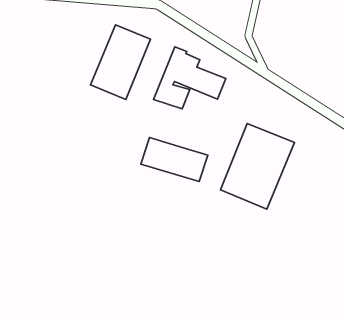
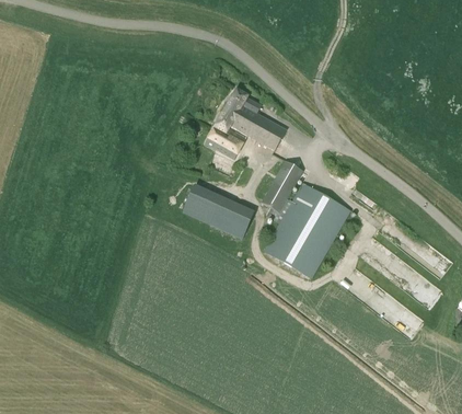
building: [90,25,151,100] -> none
building: none -> [261,160,303,212]

